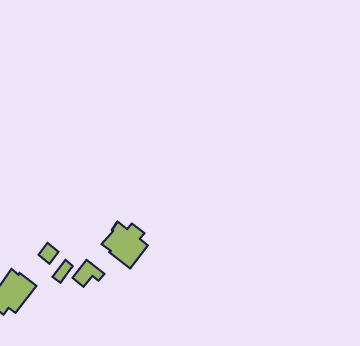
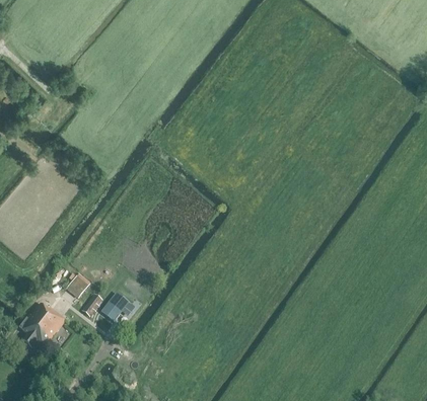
building: [101,221,148,269] -> none

